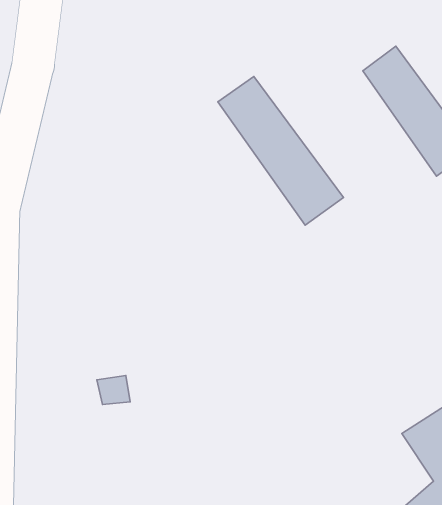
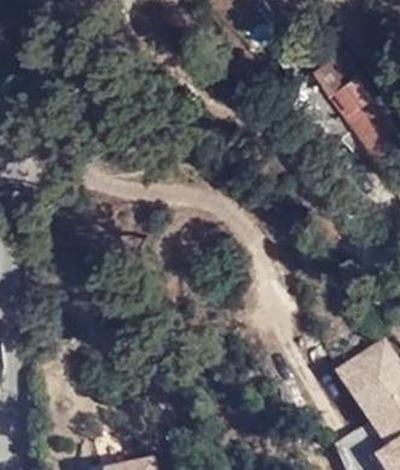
building: [218,77,343,225] -> none

